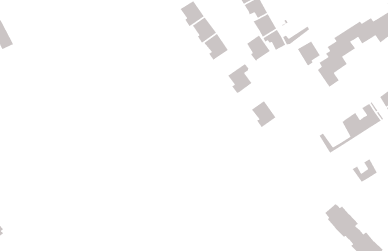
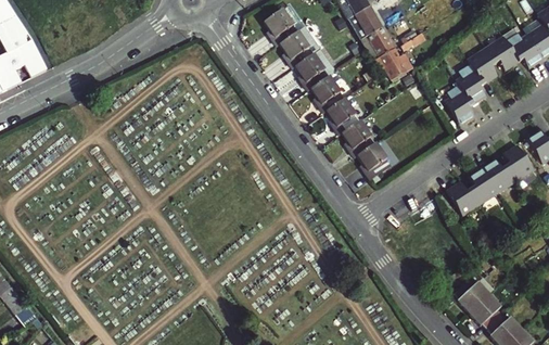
building: [246,35,271,62] -> [311,76,344,112]
building: [297,41,321,67] -> none
building: none -> [343,119,375,156]
building: [352,158,378,183] -> [454,170,488,203]

